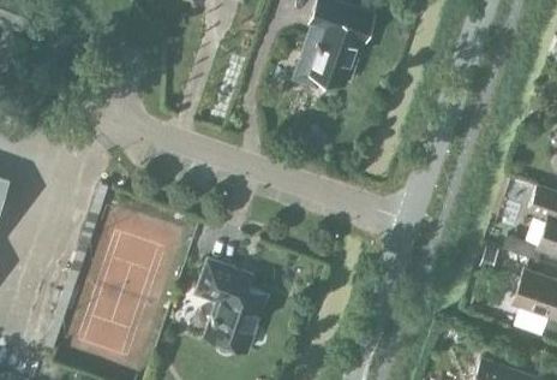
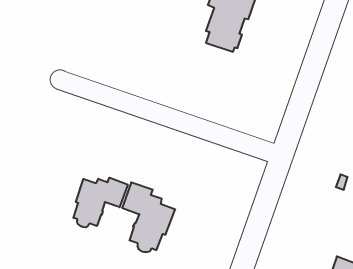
building: none -> [73,178,128,227]

